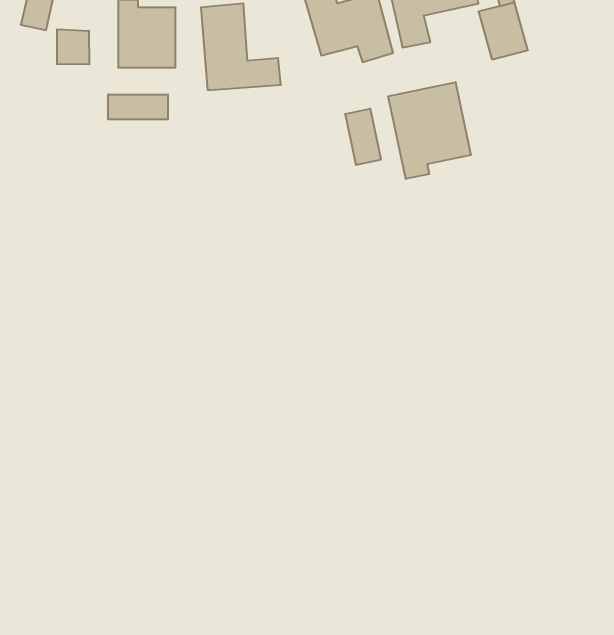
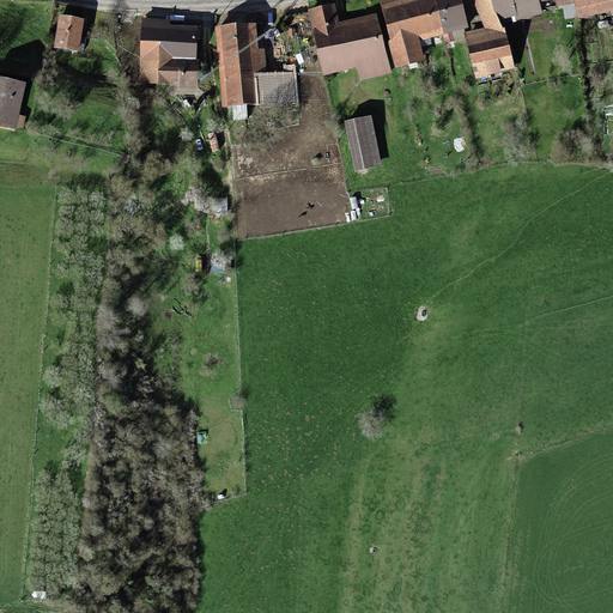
building: [57,29,89,64] -> none
building: [388,82,471,179] -> none
building: [108,94,168,119] -> none

